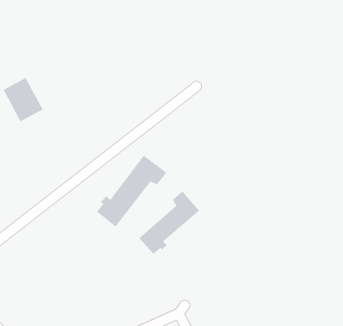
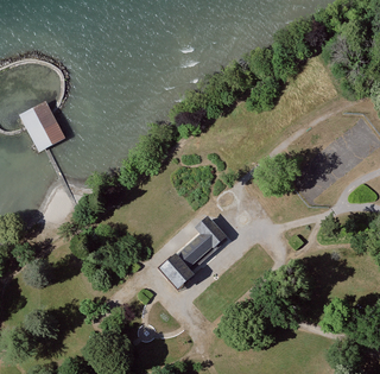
building: [96,155,167,227] -> none

